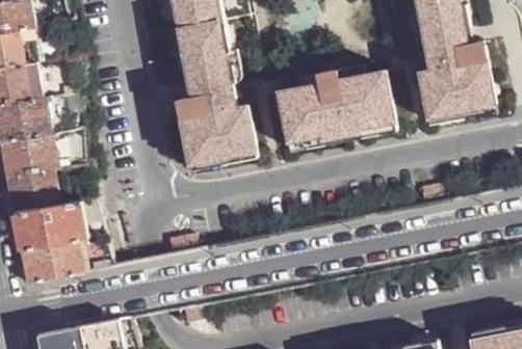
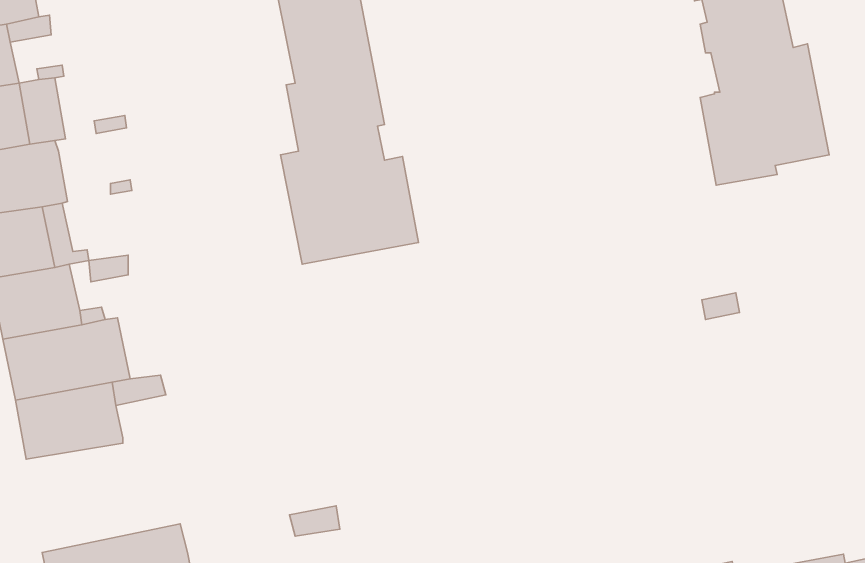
building: [278,66,394,146] -> none

